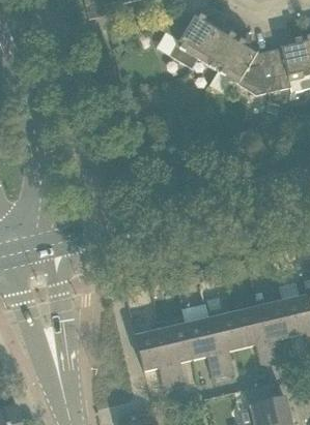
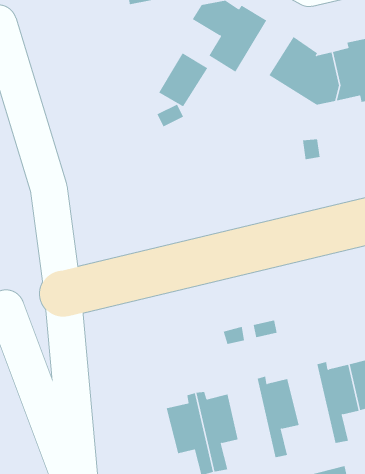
building: [191,27,236,70] -> [151,53,208,107]
building: [232,300,270,365] -> none
building: [185,311,222,376] -> none

